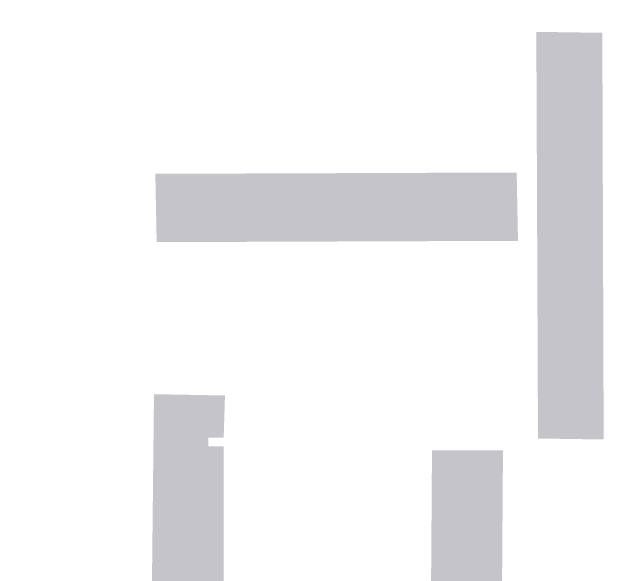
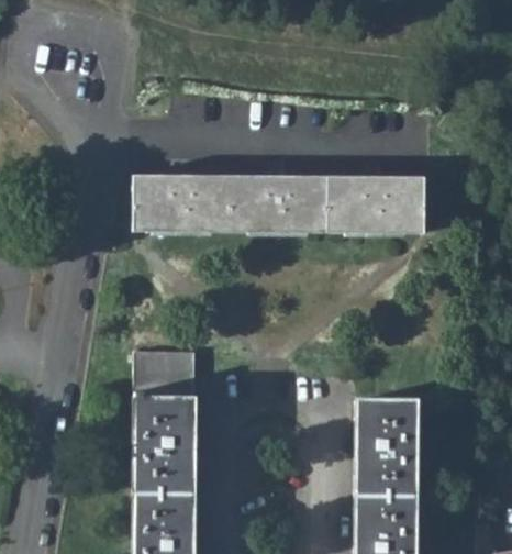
building: [535,31,605,440] -> none

